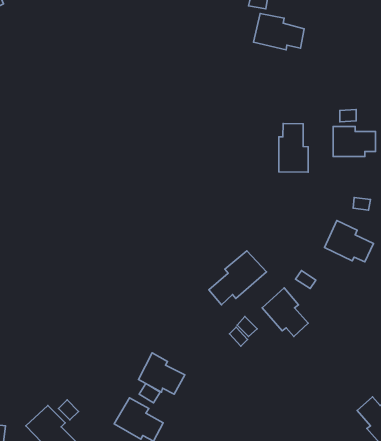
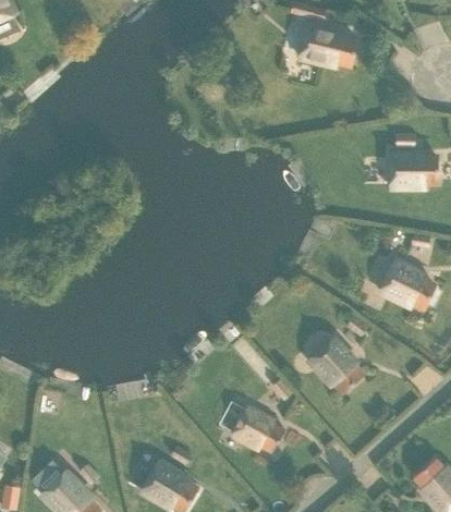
building: [279,124,308,172] -> none
building: [209,251,266,305] -> none
building: [139,353,185,394] -> [231,403,283,450]

